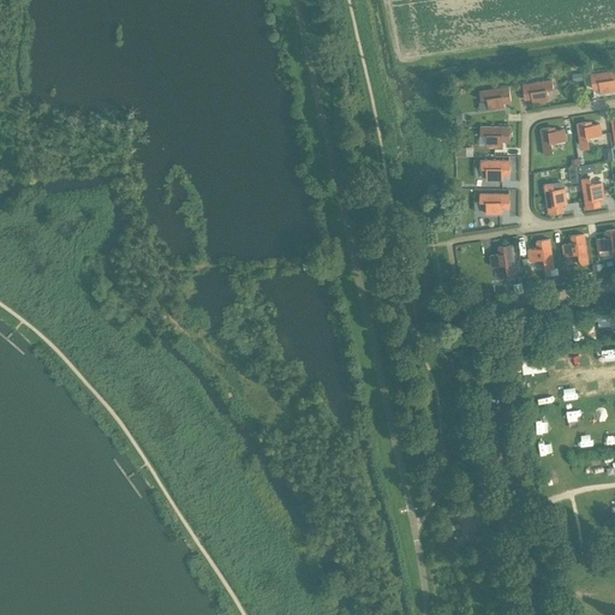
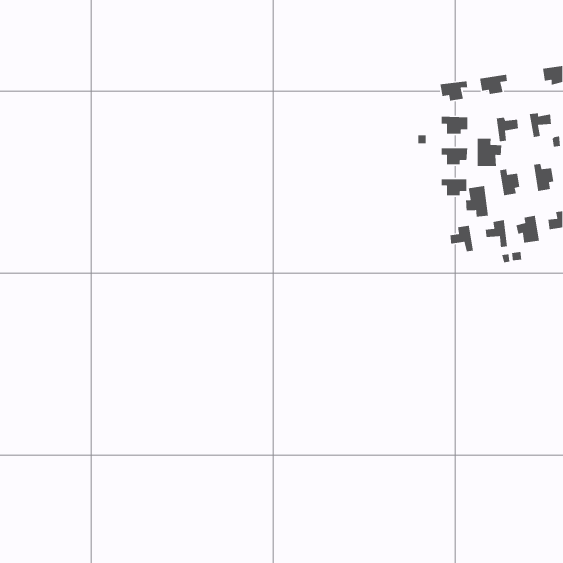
building: none -> [477,138,502,167]
building: none -> [465,185,489,218]

